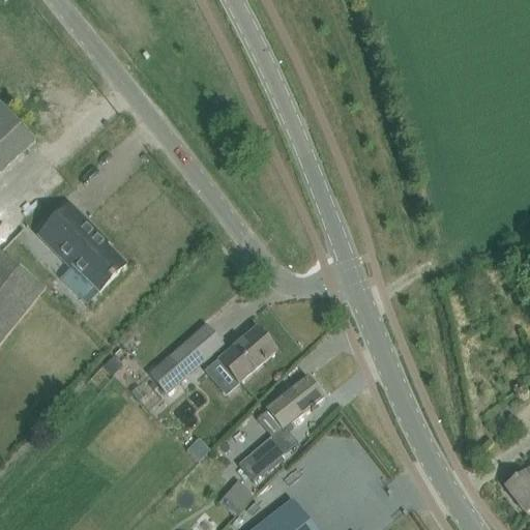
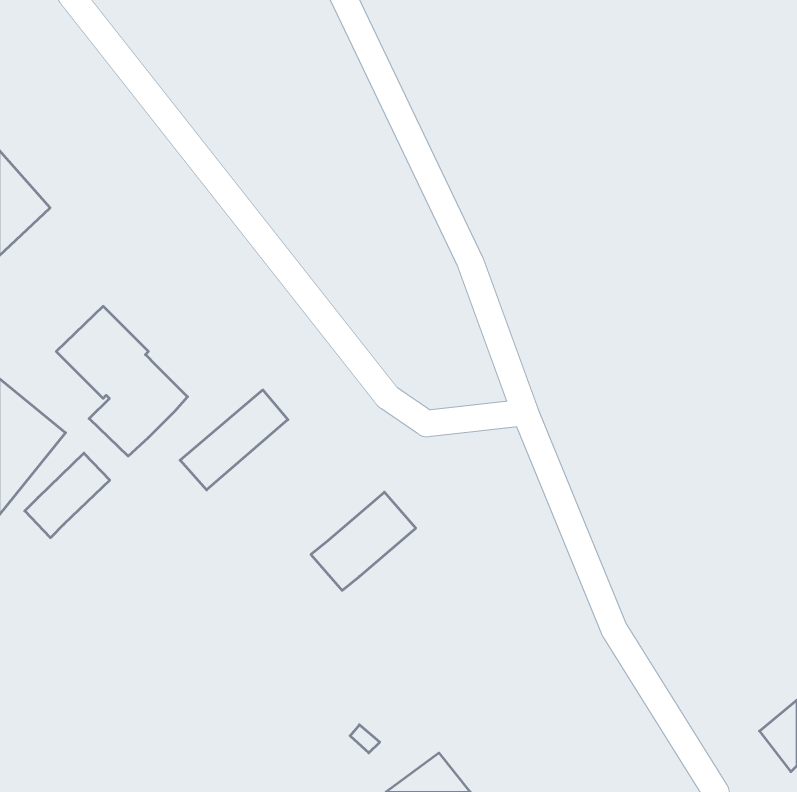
building: none -> [25,453,110,538]
building: [150,324,222,390] -> [180,390,288,490]
building: [237,376,321,480] -> none

